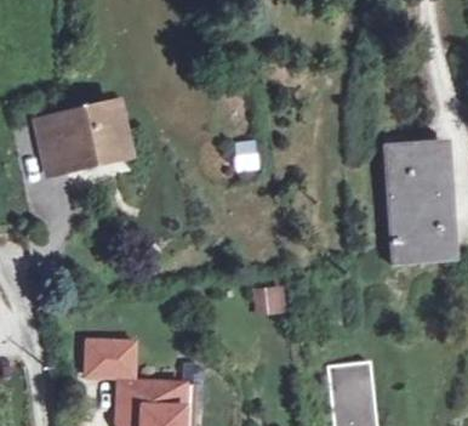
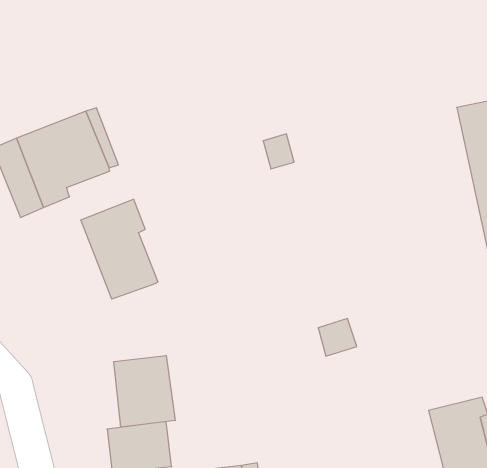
building: none -> [81,199,158,299]
building: none -> [114,355,175,427]

